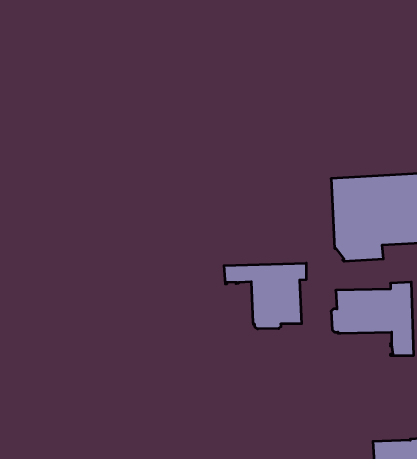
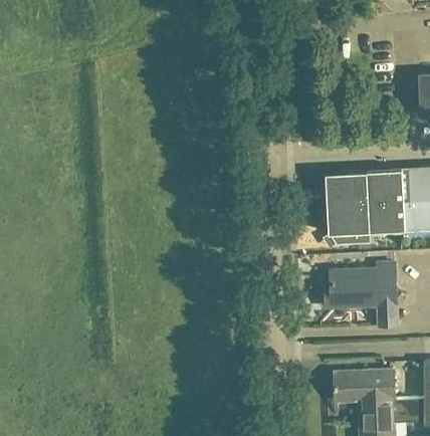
building: [224,263,306,329] -> none
building: none -> [333,370,394,403]

